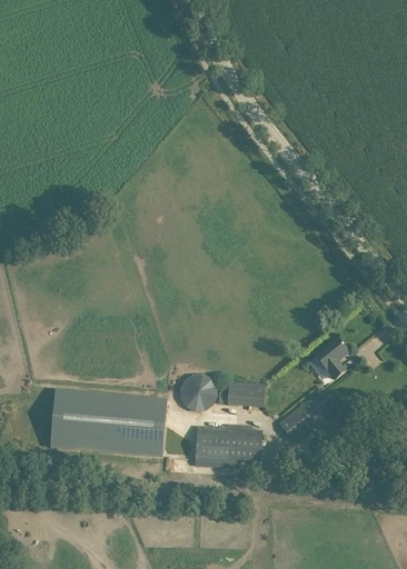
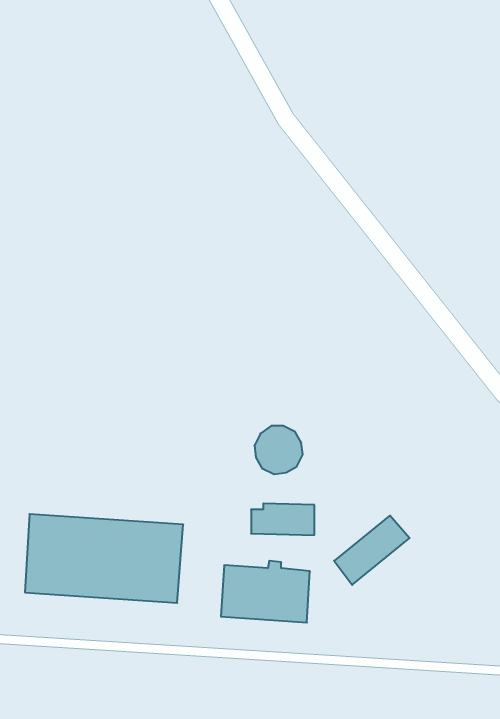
building: [314,338,347,378] -> none
building: [179,375,215,410] -> [254,426,303,474]

